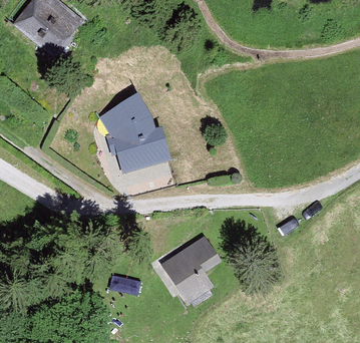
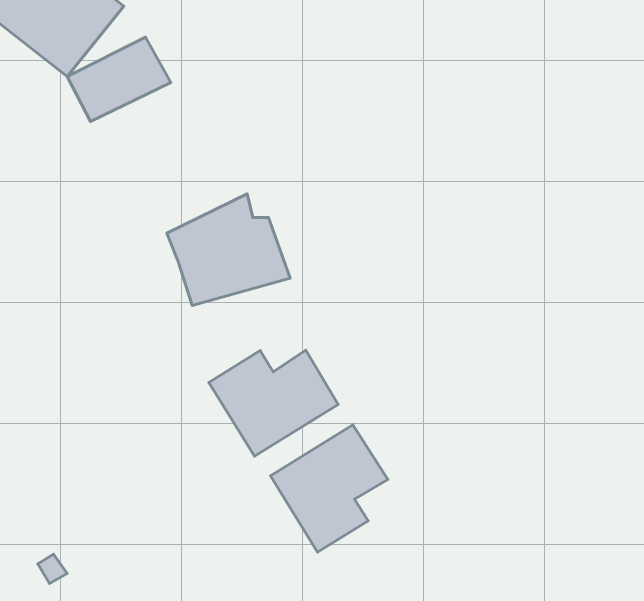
building: [97,94,150,137] -> [67,37,171,121]
building: none -> [209,350,338,456]

